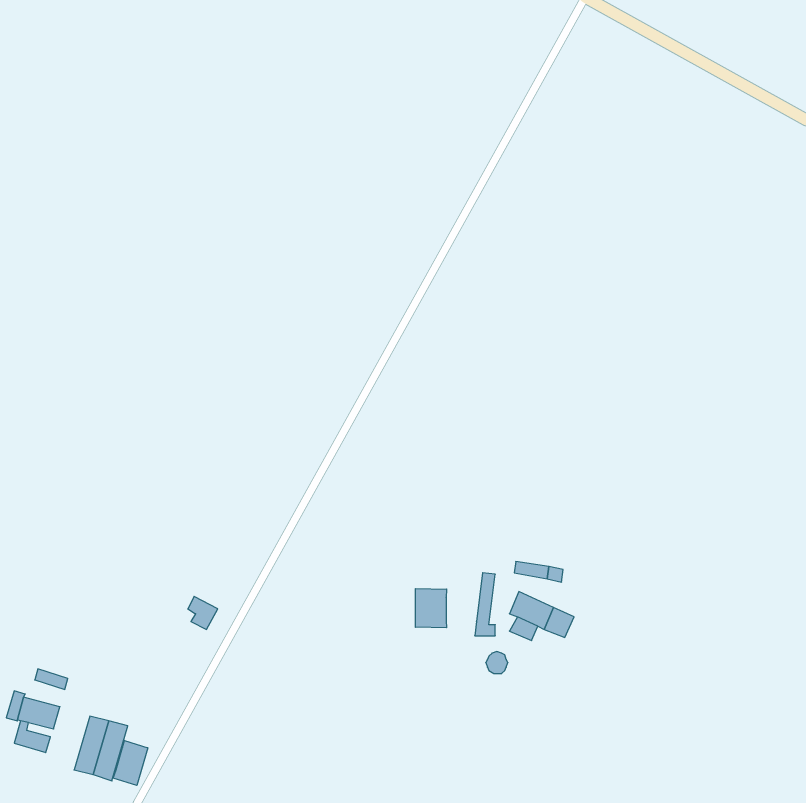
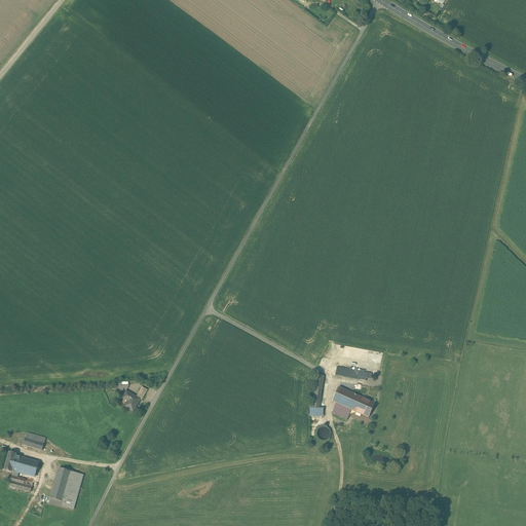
building: [415,589,447,628] -> none
building: [113,740,148,785] -> none

